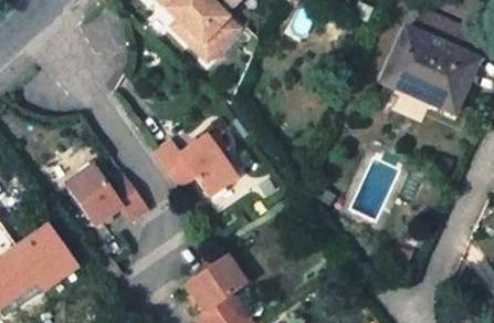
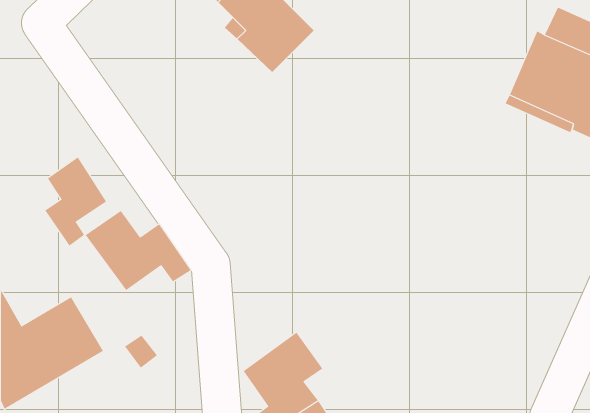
building: none -> [45,157,107,247]
building: [154,133,235,195] -> none

